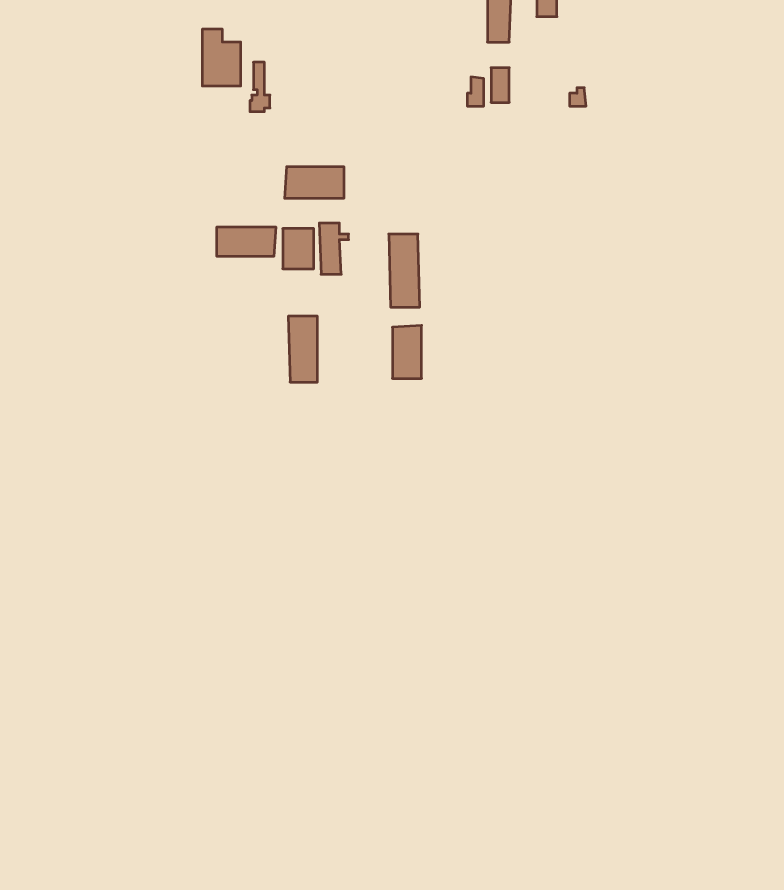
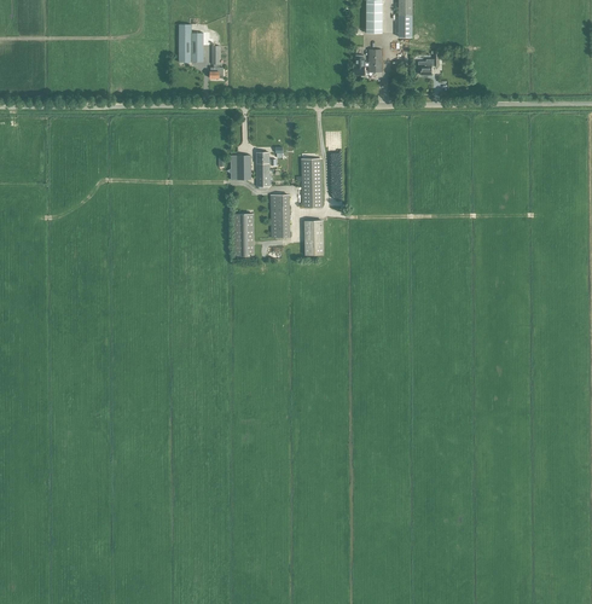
building: [285,167,344,198] -> none
building: [217,227,276,256] -> none
building: none -> [271,193,290,237]

